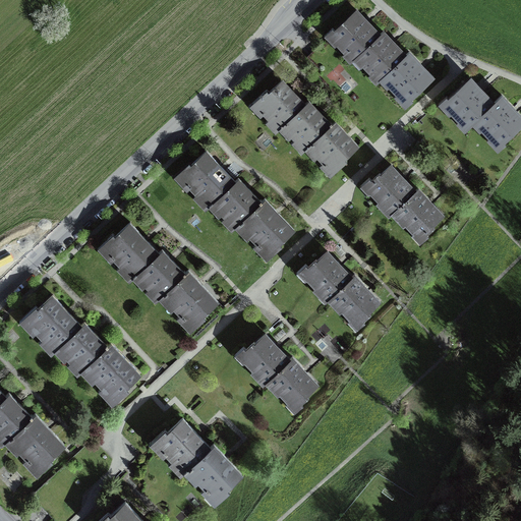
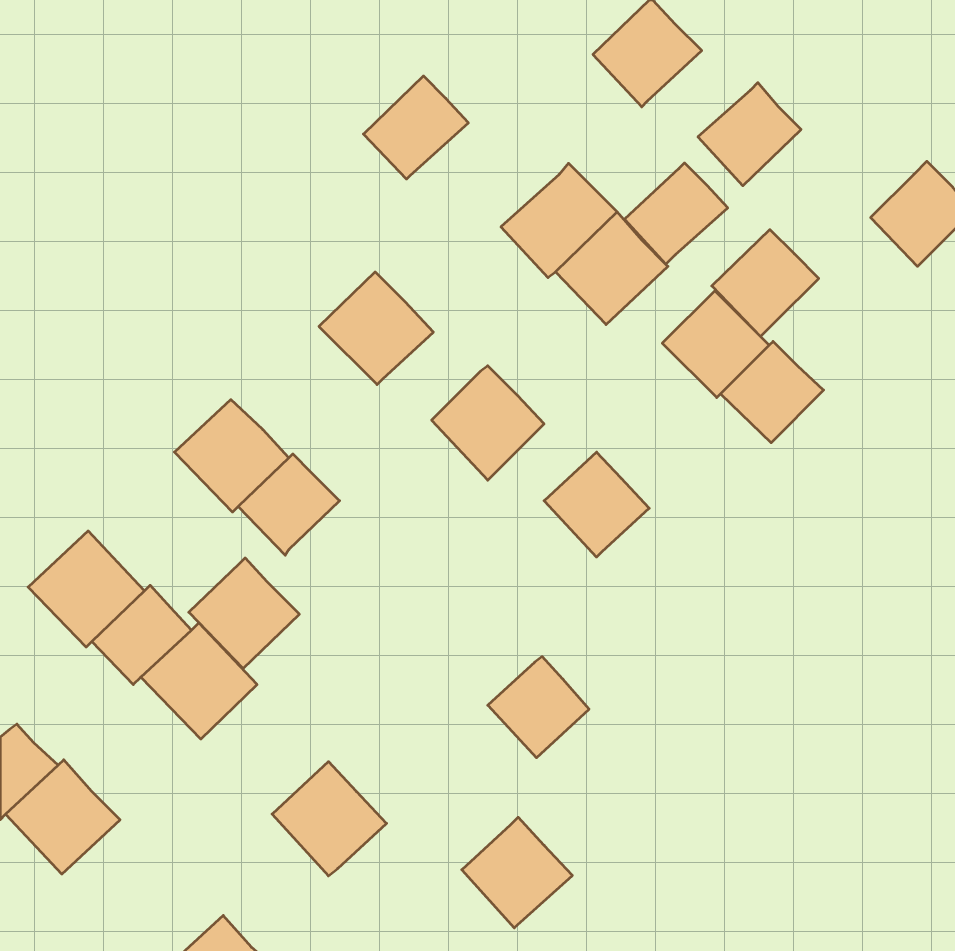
building: [353,28,409,83] -> [625,163,728,264]
building: [440,72,498,130] -> [712,230,819,336]
building: [248,73,305,129] -> [363,76,468,179]
building: [210,181,263,234] -> none
building: [159,273,219,333] -> [189,558,299,669]
building: [329,277,385,333] -> none
building: [236,332,292,389] -> none
building: [185,447,245,507] -> [462,817,572,928]

